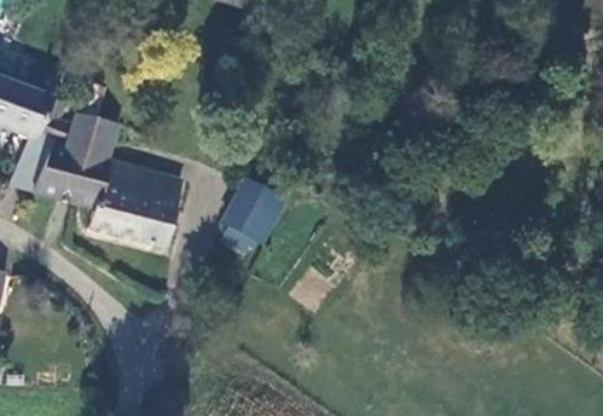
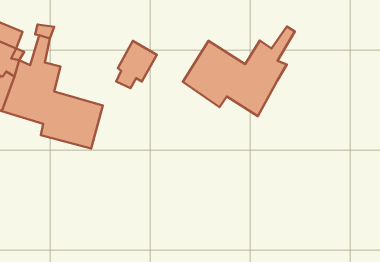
building: none -> [183,27,295,116]
building: [226,181,285,250] -> [116,41,157,88]

